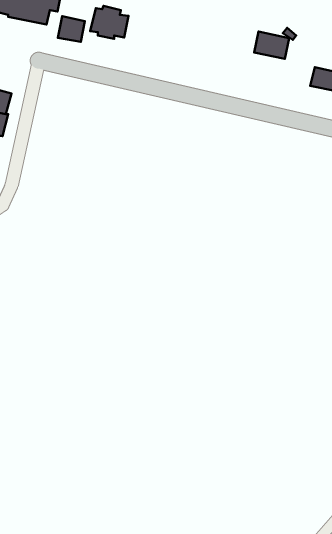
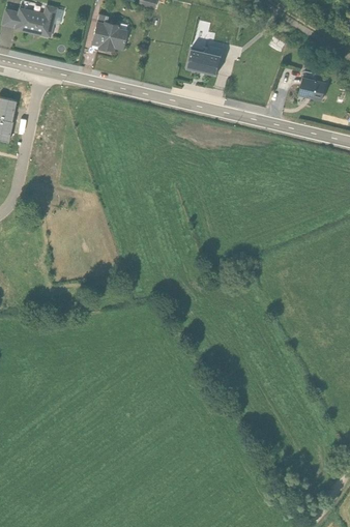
building: [58,16,85,42] -> none
building: [254,32,289,59] -> [187,49,221,75]

